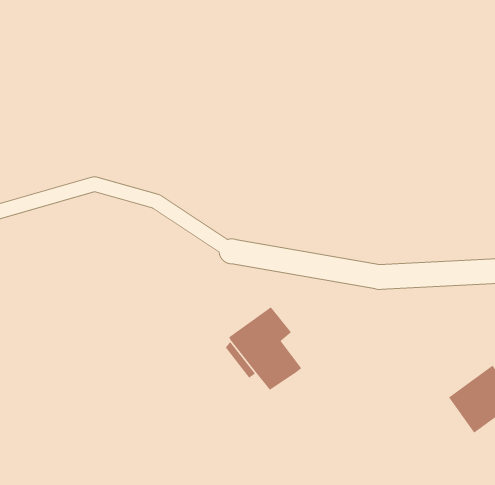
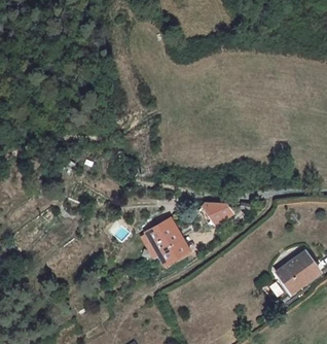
building: none -> [198,201,231,226]

